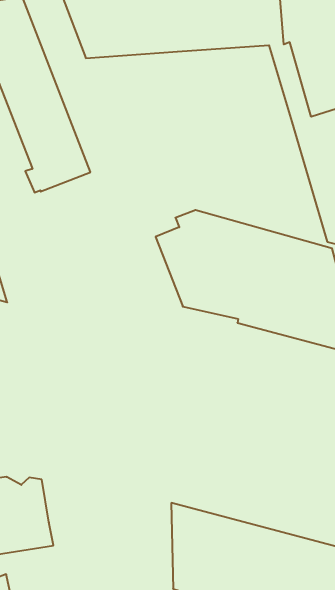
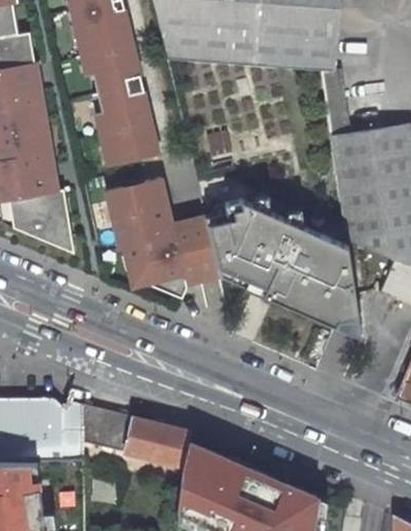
building: none -> [107,178,220,297]
building: none -> [83,404,189,469]

